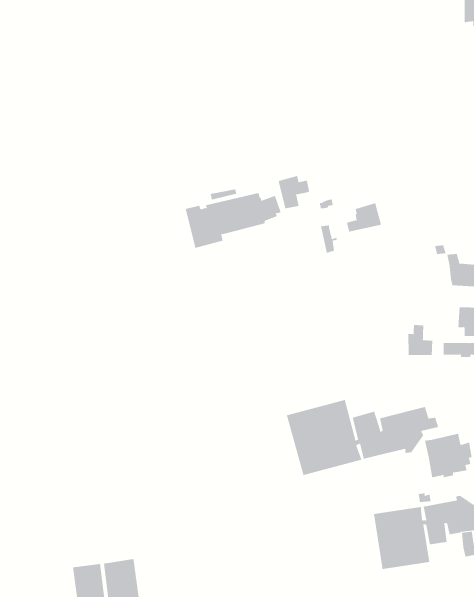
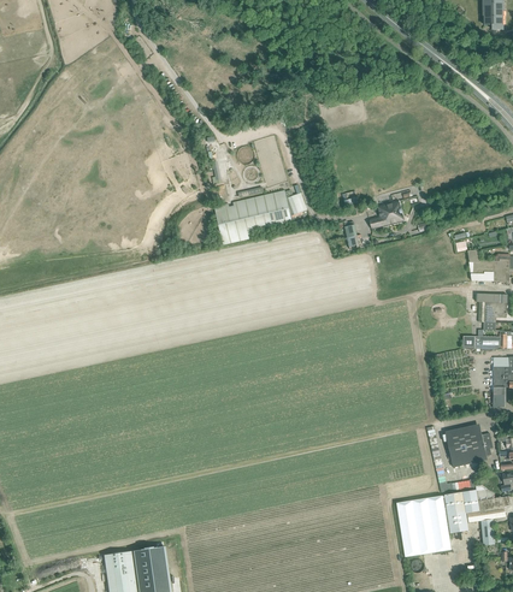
building: [278,175,310,209] -> none
building: [408,324,433,356] -> none
building: [286,399,439,476] -> none

